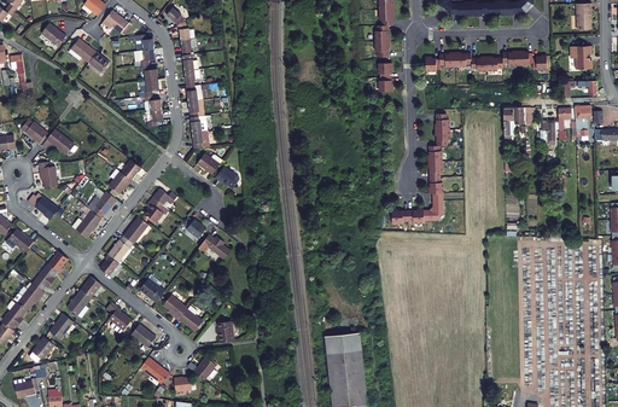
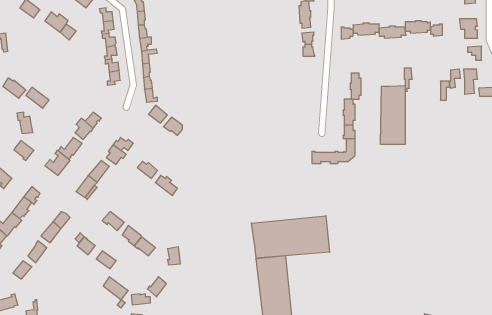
building: none -> [381,85,405,144]
building: none -> [251,216,330,258]

